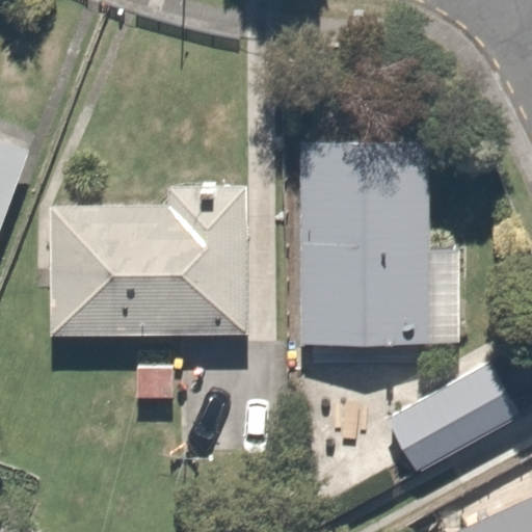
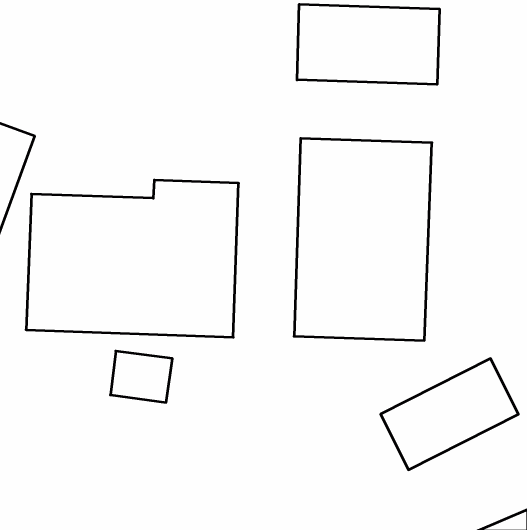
building: none -> [297,4,439,84]

